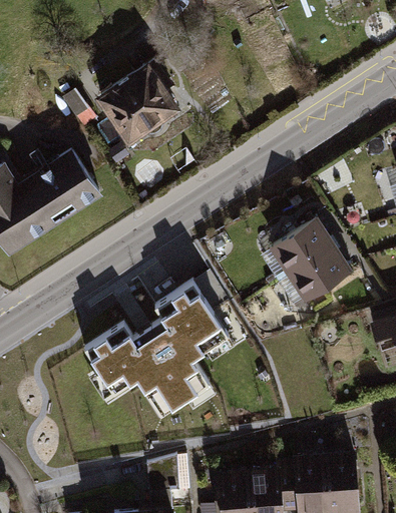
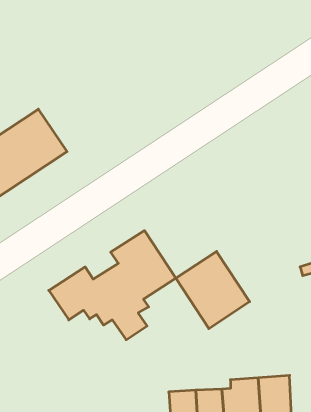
building: [93,64,180,152] -> none
building: [265,218,350,308] -> [176,251,250,329]

